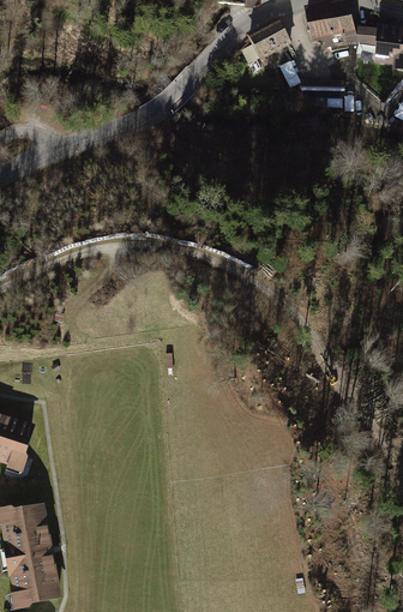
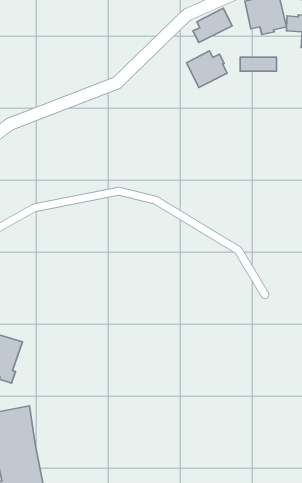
building: none -> [187,51,227,87]

